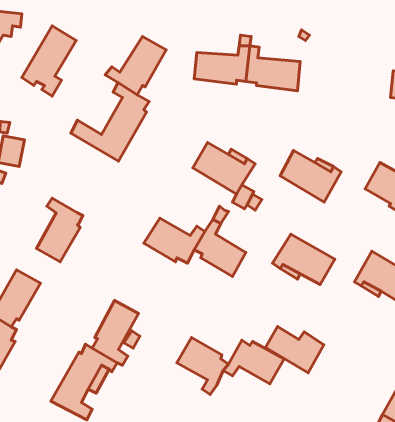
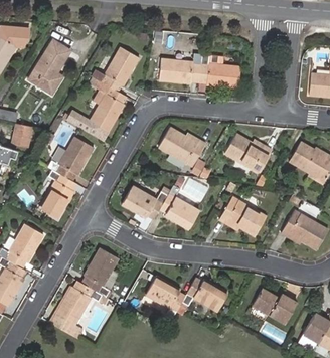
building: none -> [47,137,94,181]
building: [266,326,324,373] -> [254,289,298,324]

